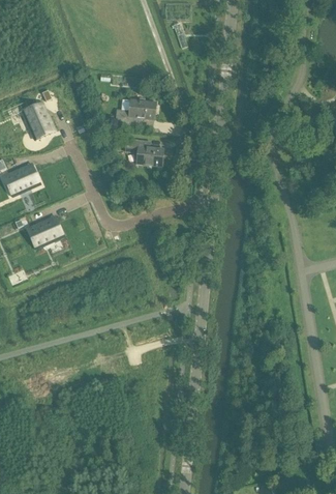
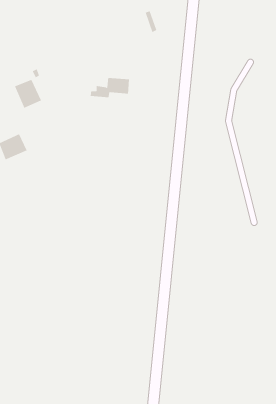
building: [127,137,166,165] -> none
building: [28,216,63,248] -> none

